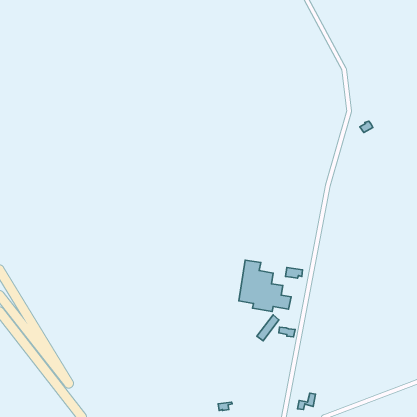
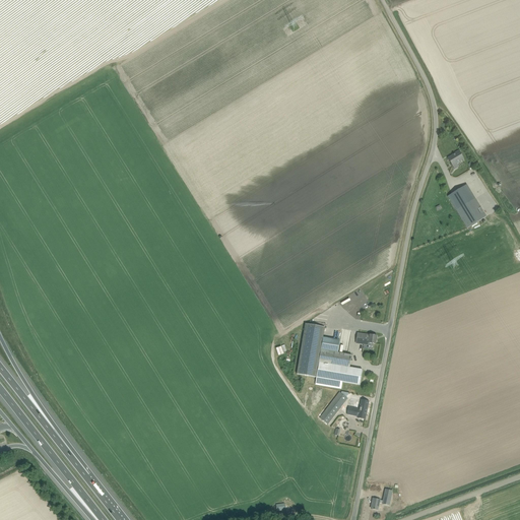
building: none -> [447,184,485,228]

